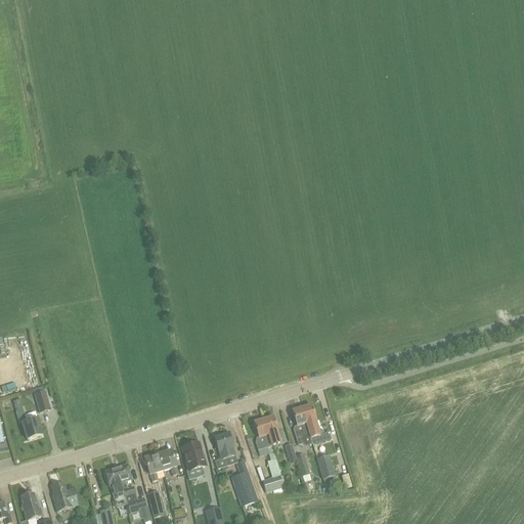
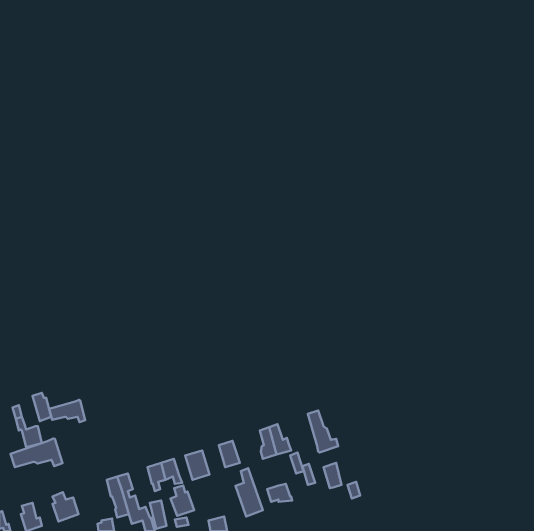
building: none -> [49,400,85,422]
building: [291,404,311,443] -> none
building: none -> [10,438,62,467]
building: none -> [171,485,194,516]

